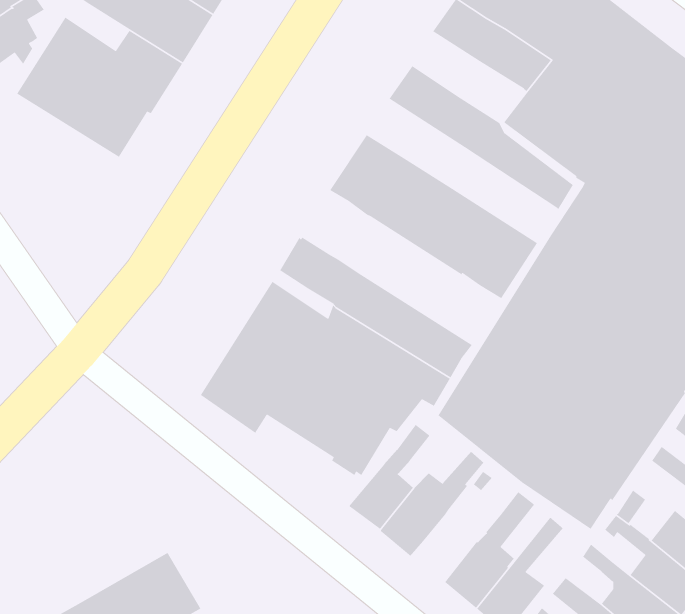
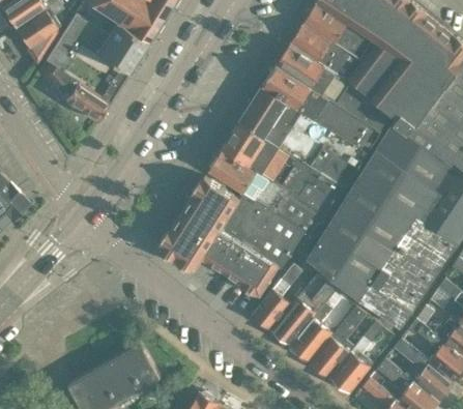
building: none -> [289,24,357,80]
building: none -> [40,62,110,122]
building: none -> [261,65,378,153]
building: none -> [221,122,344,216]
building: none -> [288,303,331,362]

